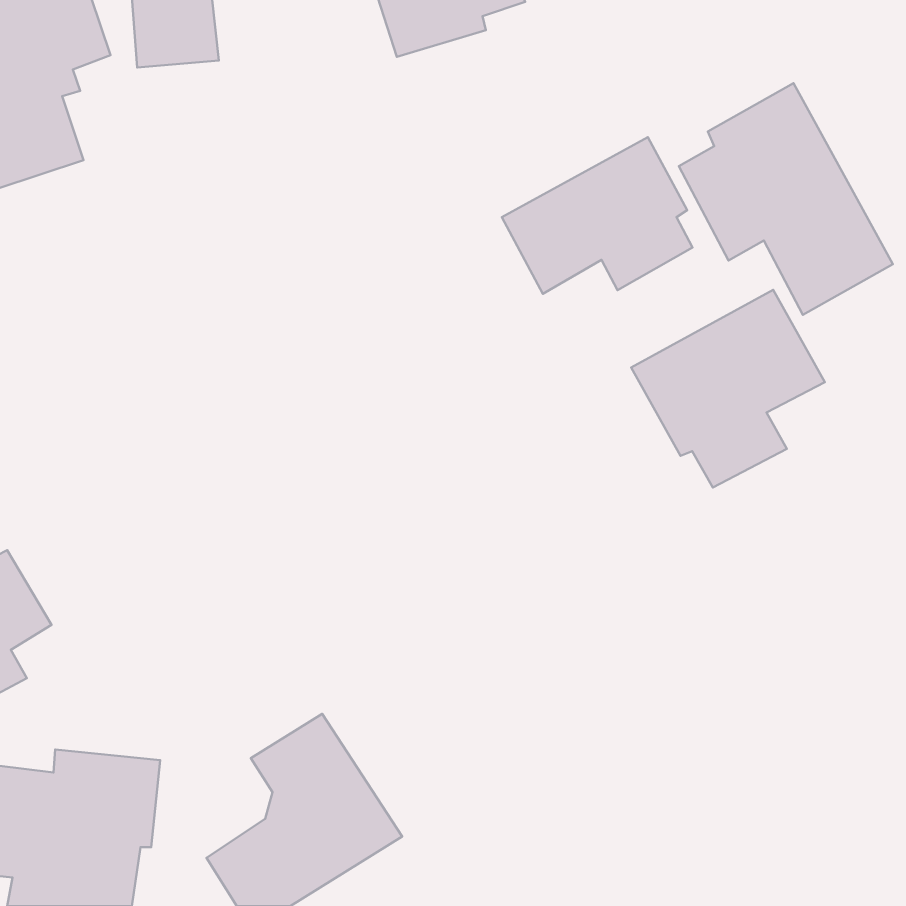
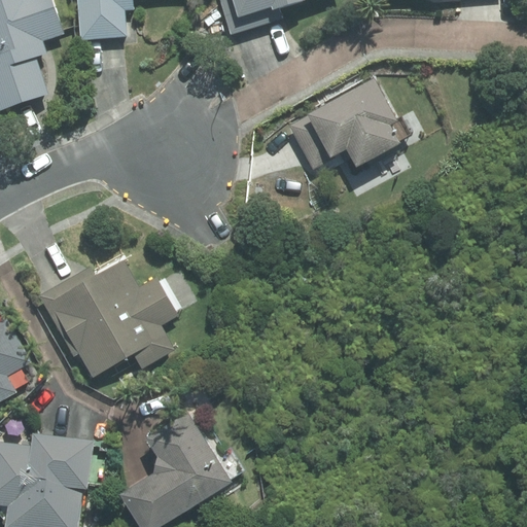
building: [679,83,893,315] -> none
building: [631,290,825,488] -> none
building: none -> [38,260,177,378]

